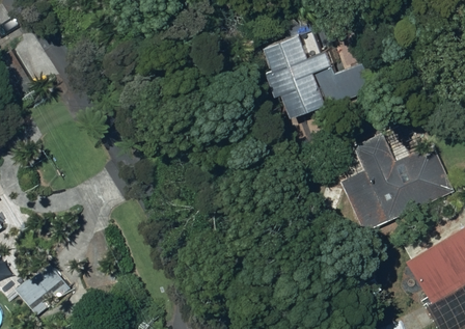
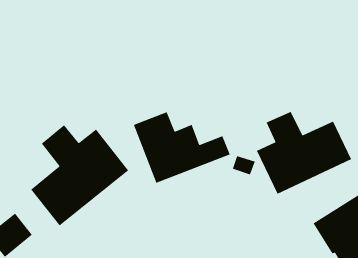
building: [254,35,370,120] -> [133,111,231,184]
building: none -> [30,124,129,226]

